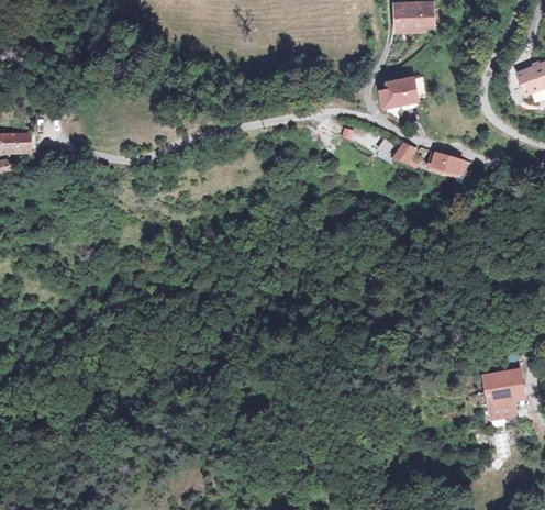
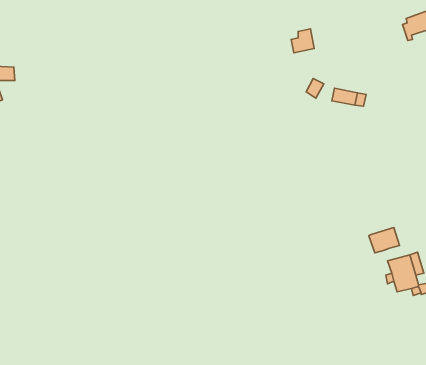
building: [394,80,418,108] -> none
building: none -> [369,227,400,253]

